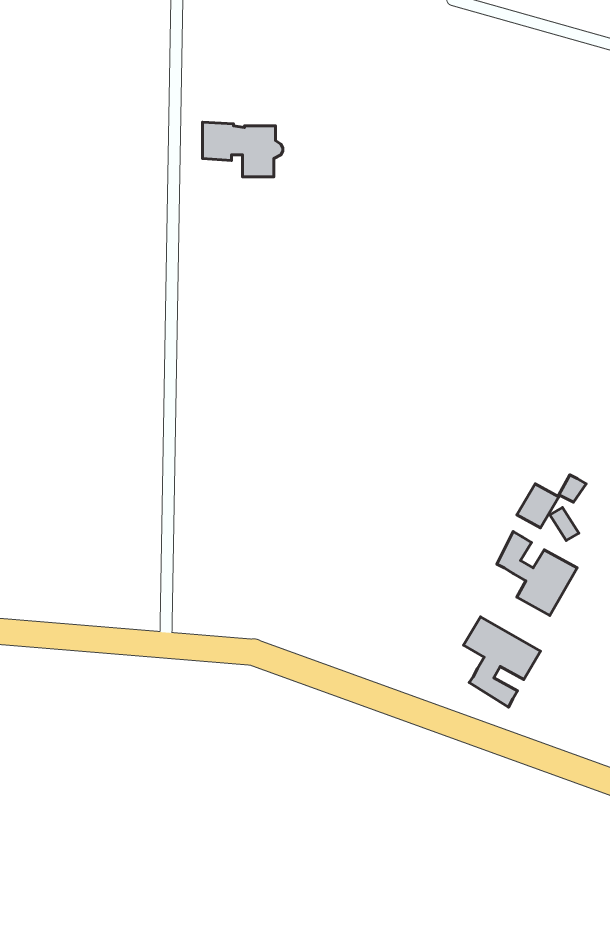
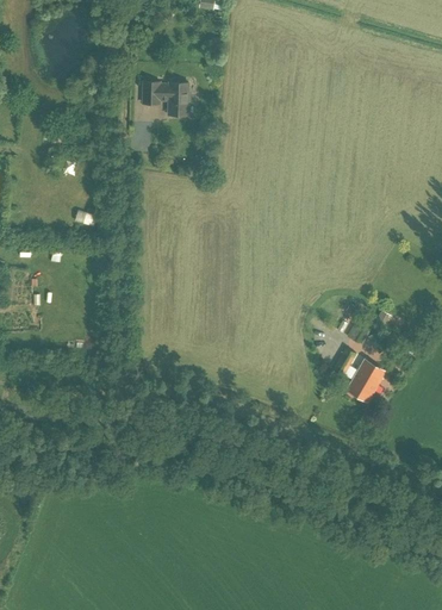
building: [463,617,541,707] -> none

